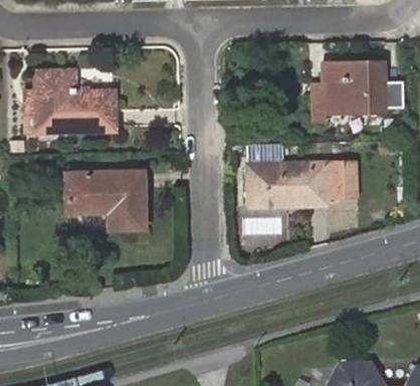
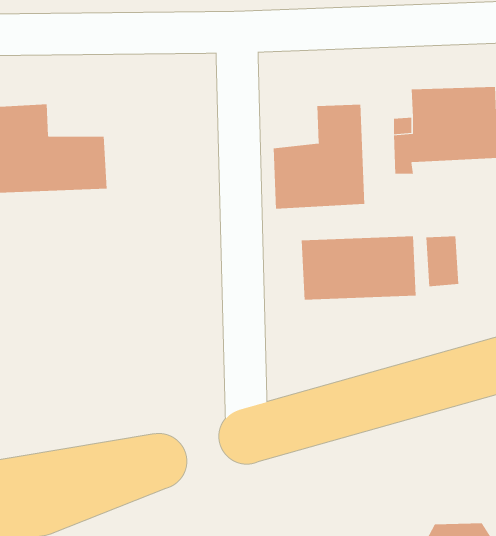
building: none -> [273,104,365,209]
building: [68,174,146,229] -> none

